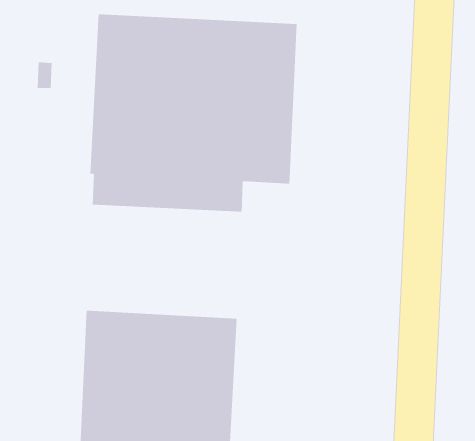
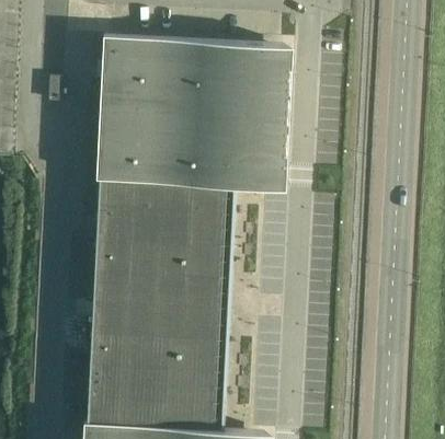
building: none -> [93,208,233,310]

